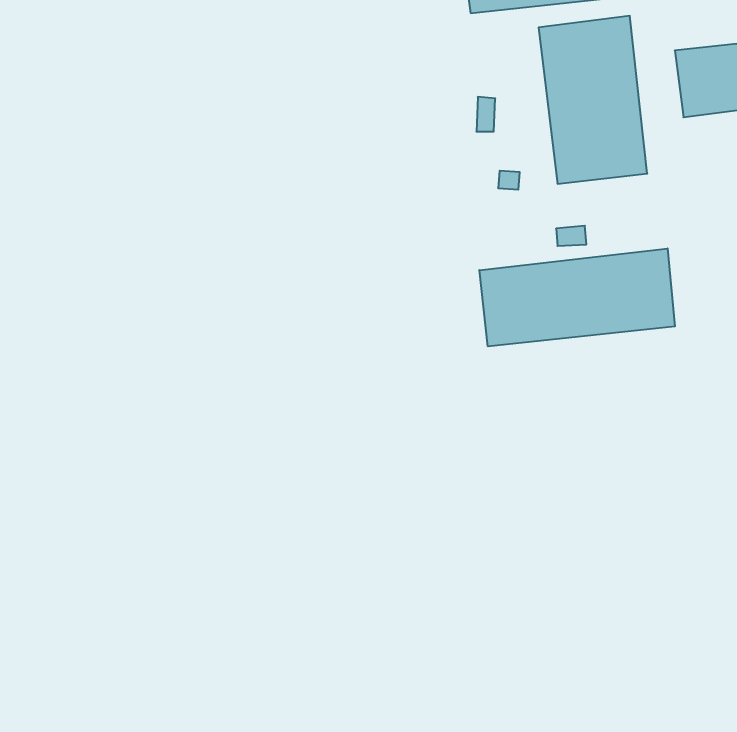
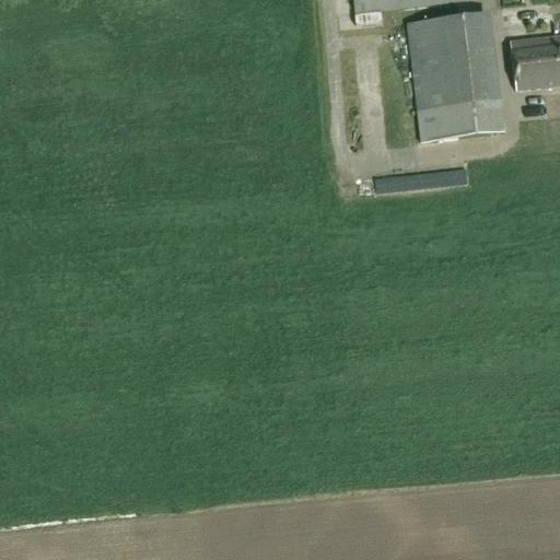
building: [479,248,675,346] -> none

